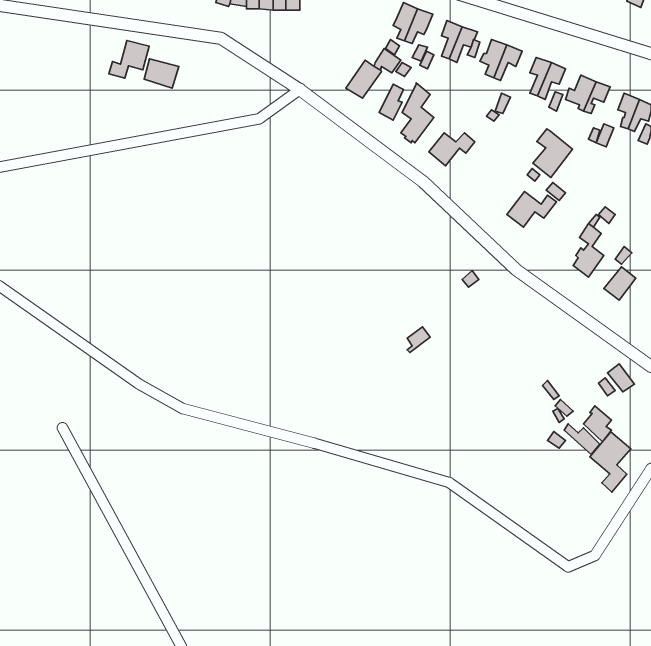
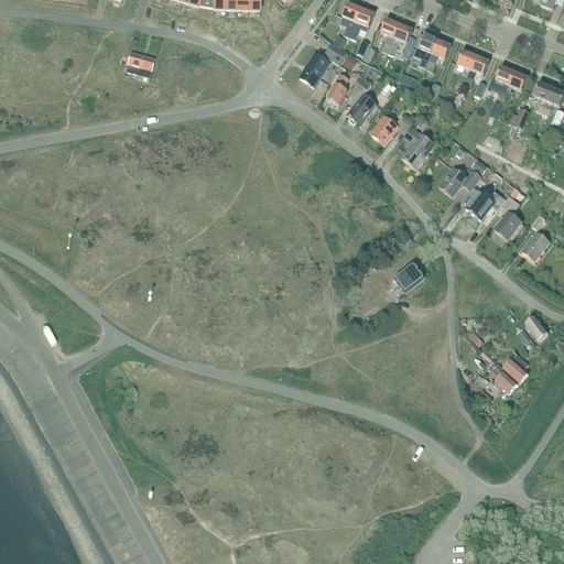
building: [109,41,149,78] -> none
building: [533,129,573,177] -> [400,126,434,167]
building: none -> [465,188,505,217]
building: none -> [393,260,424,290]
building: [590,432,631,492] -> none

